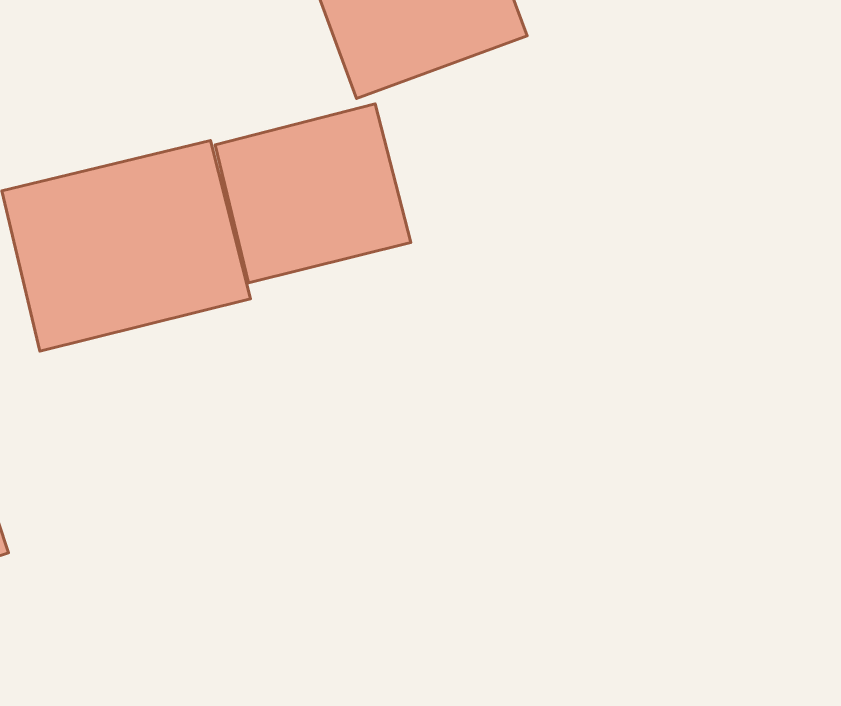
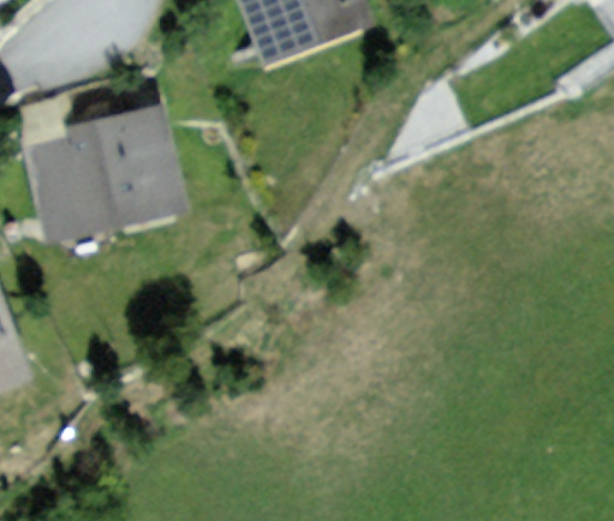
building: [215,104,411,283] -> none

